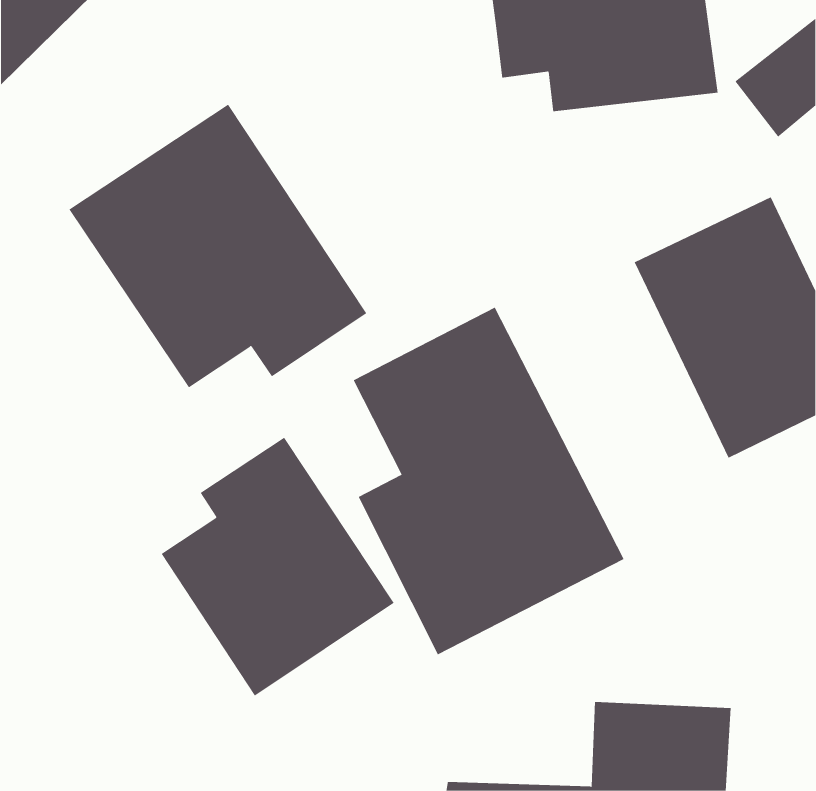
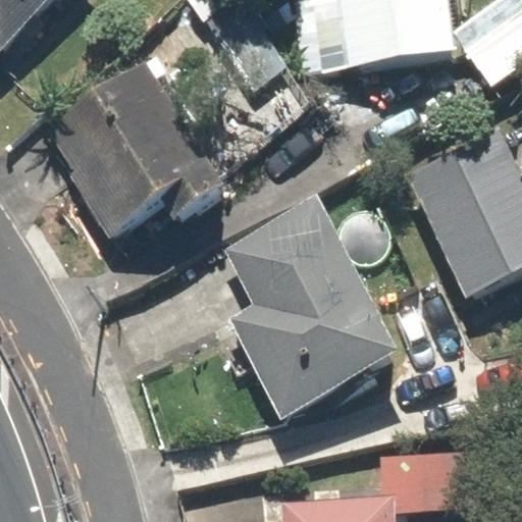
building: [161,437,395,697] -> none

